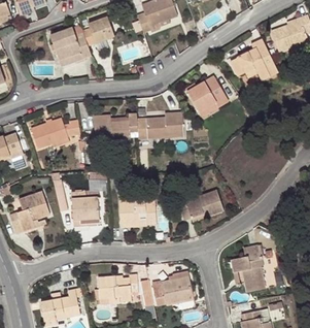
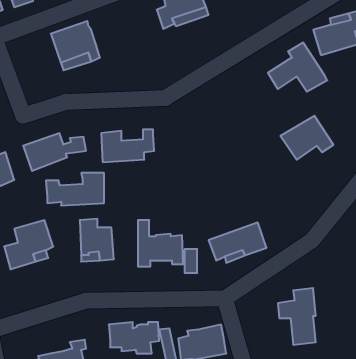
building: [82,17,116,45] -> none
building: [188,78,232,114] -> [280,116,333,160]
building: [135,112,182,139] -> [46,173,104,206]

